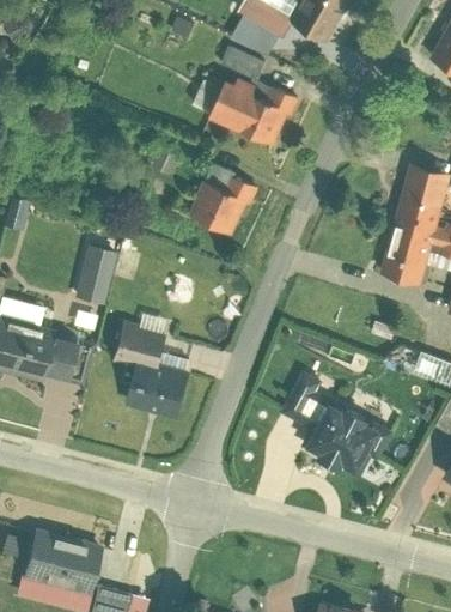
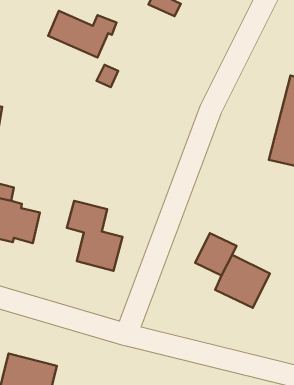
building: [209,84,300,146] -> [48,11,116,57]
building: [189,178,256,235] -> none
building: [74,247,116,305] -> none

